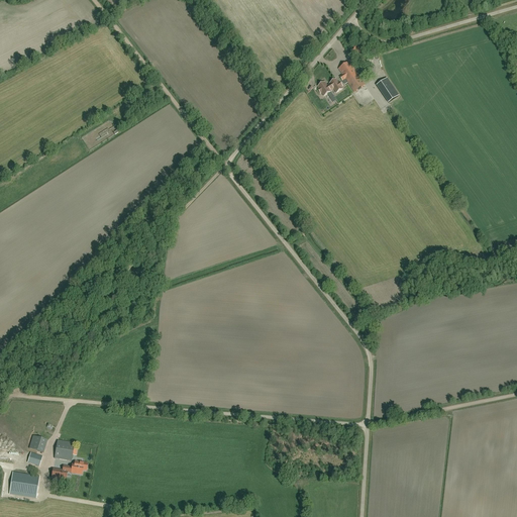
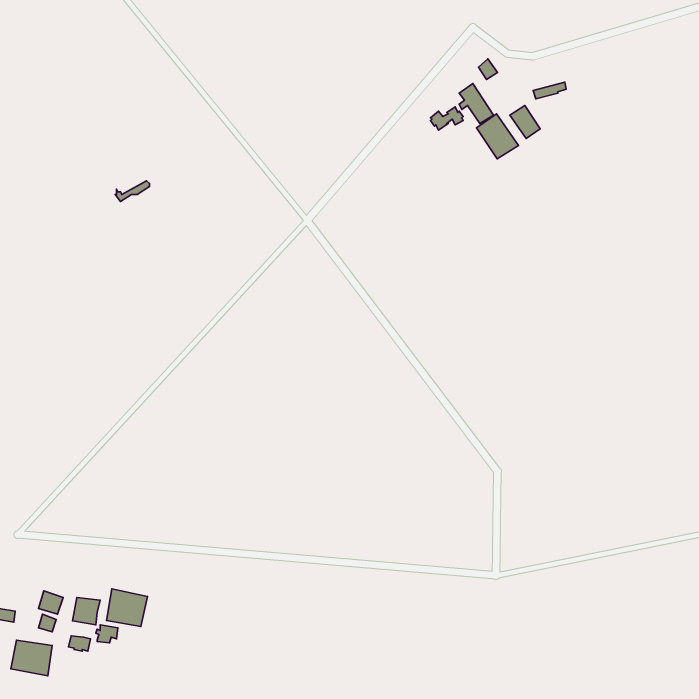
building: none -> [477,114,519,159]
building: none -> [106,589,147,626]

